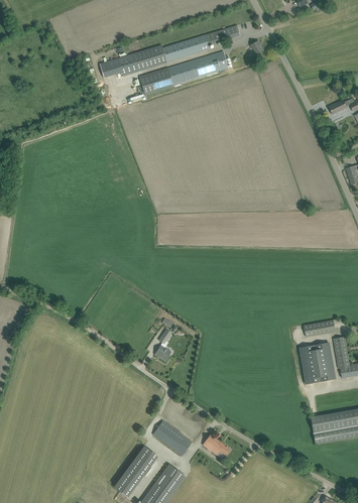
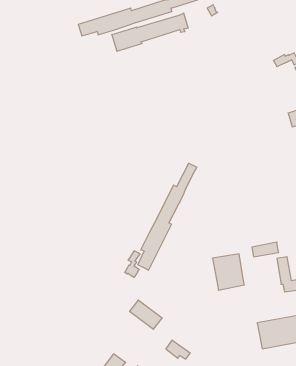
building: none -> [138,163,197,270]
building: [297,342,335,384] -> [212,254,244,290]
building: [152,420,191,455] -> [130,300,162,329]

